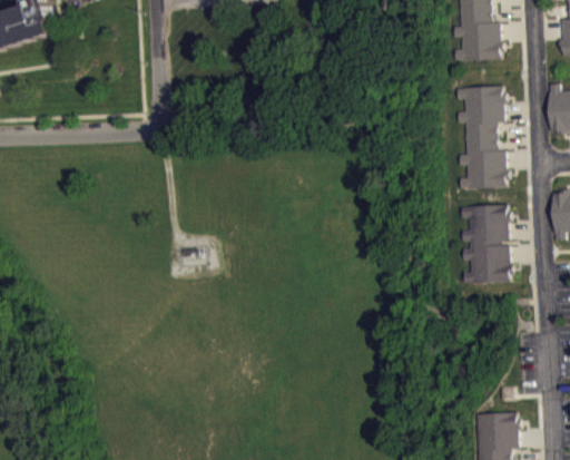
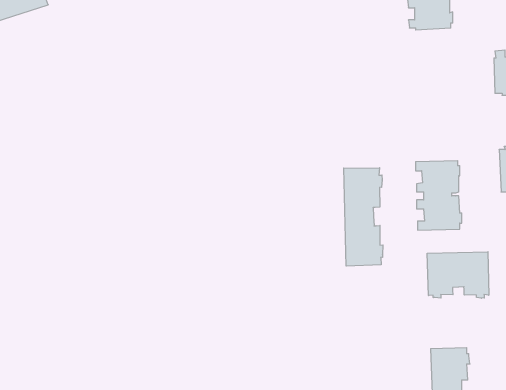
building: [454,85,508,187] -> none
building: none -> [344,168,383,266]
building: none -> [427,252,489,298]

